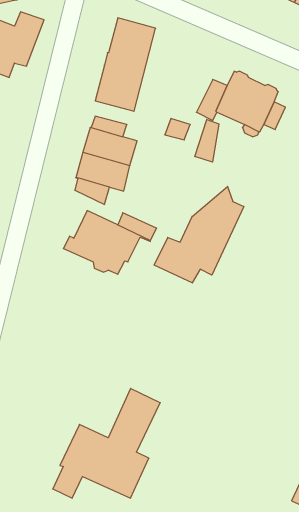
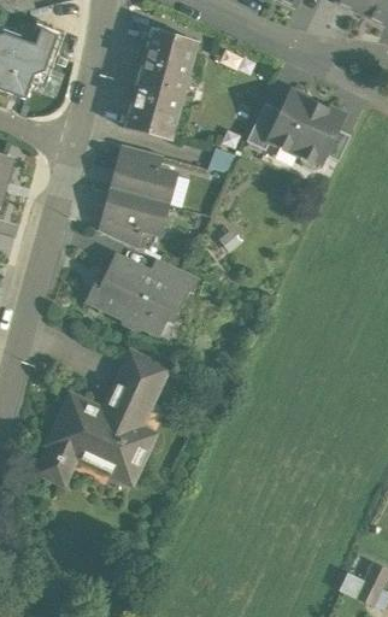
building: [195,119,219,162] -> none
building: [154,186,244,283] -> none
building: [53,388,160,498] -> [39,352,165,481]

